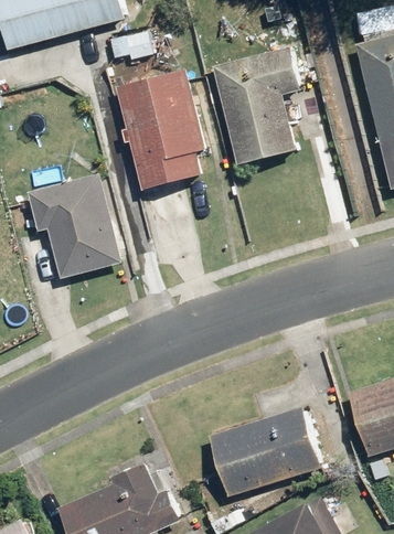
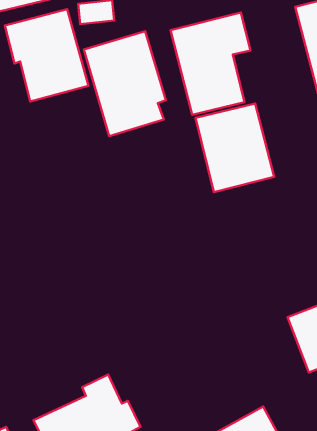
building: none -> [195,103,274,192]
building: [26,173,121,278] -> [5,9,88,102]
building: [206,405,319,496] -> none

